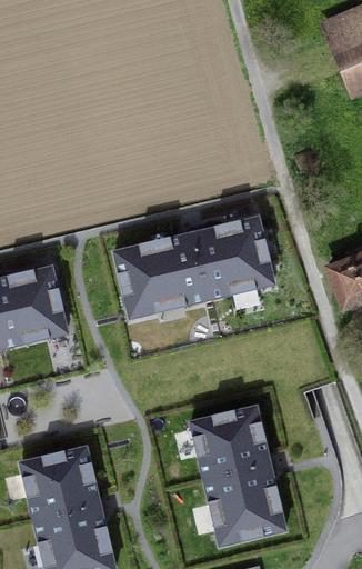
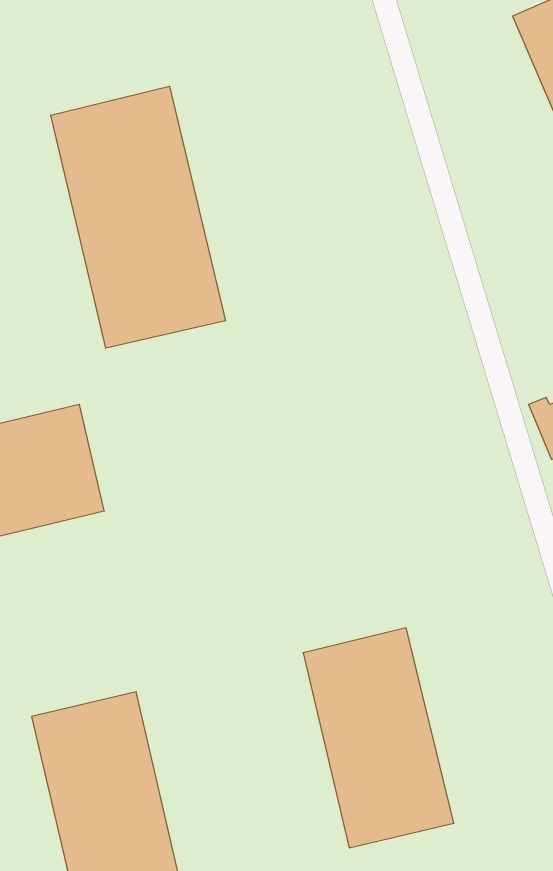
building: none -> [51,86,226,348]
building: [114,218,274,318] -> none

